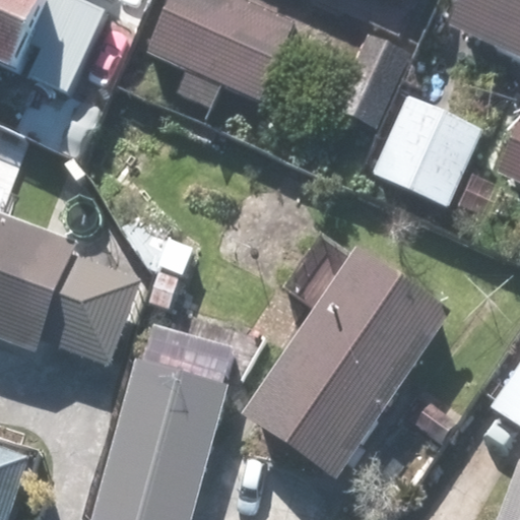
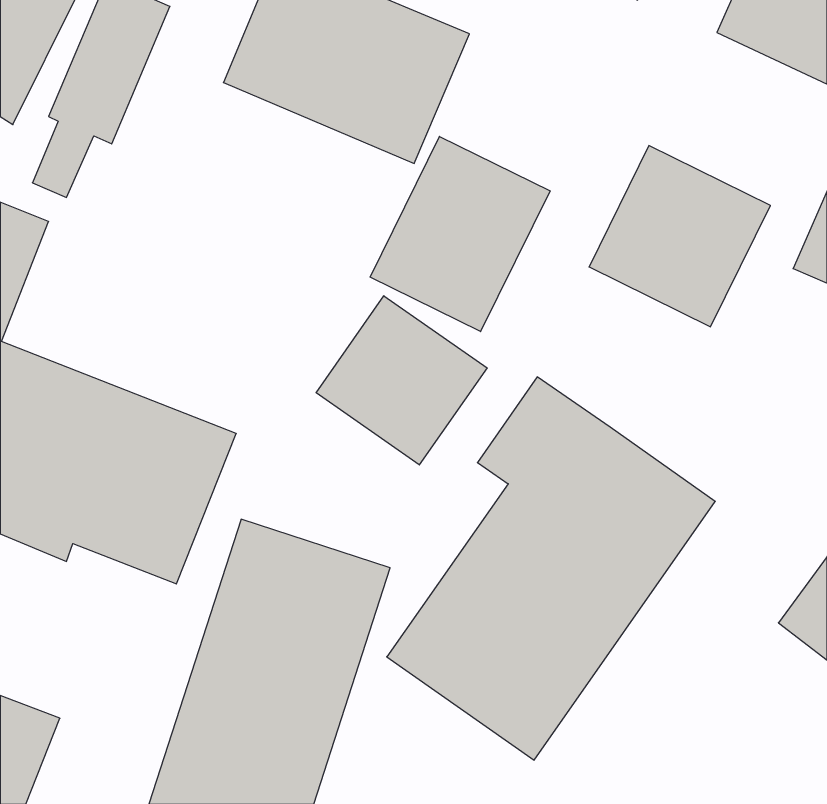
building: none -> [370,136,550,332]
building: none -> [316,296,487,465]

